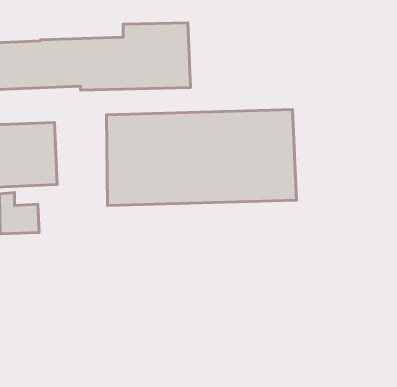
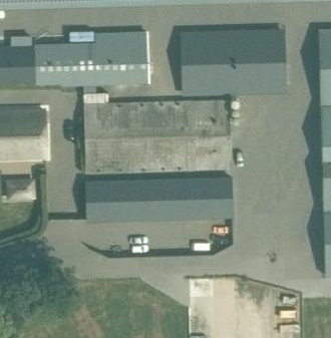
building: none -> [185,29,287,91]
building: none -> [86,178,234,221]

